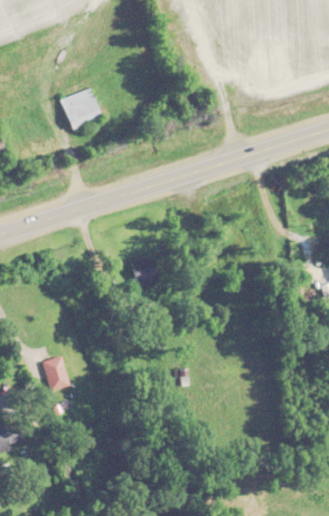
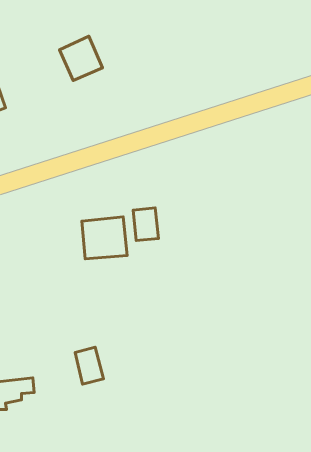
building: none -> [82,217,127,259]
building: [42,356,70,392] -> [75,347,103,384]

